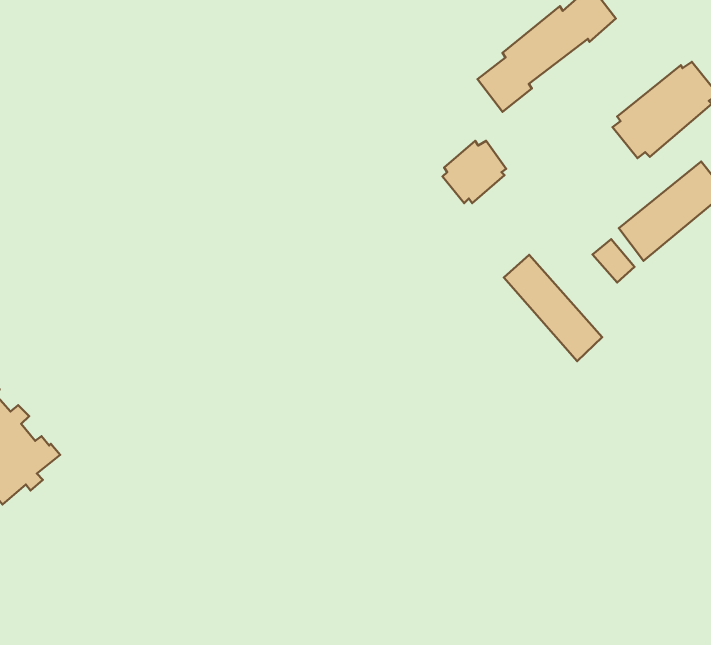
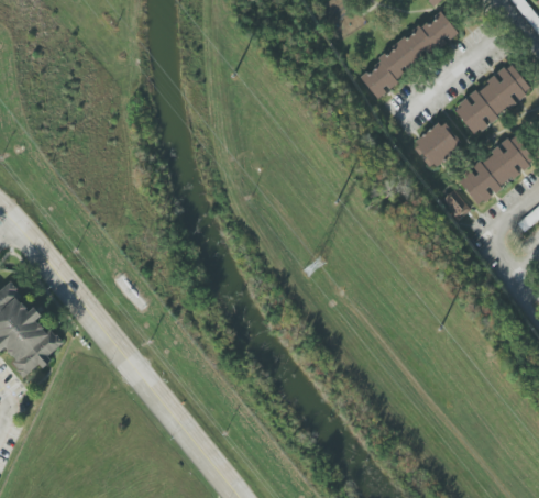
building: [443,141,506,203] -> [415,122,460,166]
building: [504,255,602,361] -> none

